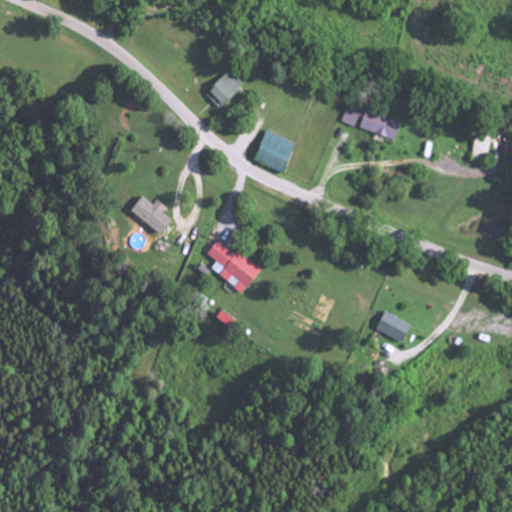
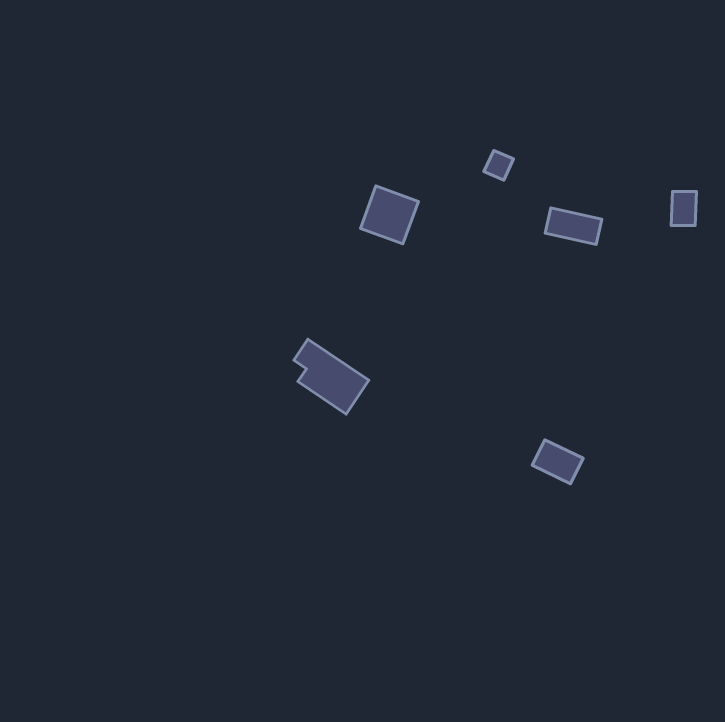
building: [205,70,243,108] -> none
building: [360,112,400,138] -> [545,208,602,245]
building: [130,196,171,234] -> none

